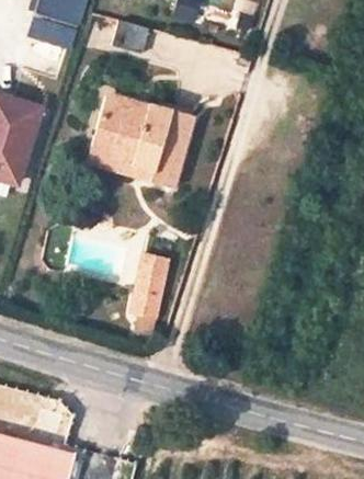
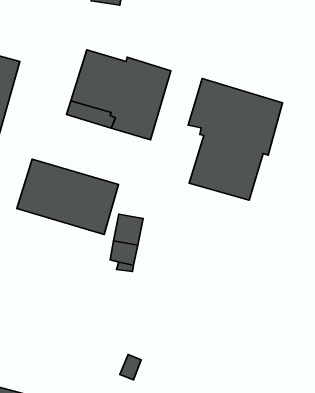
building: none -> [188,78,283,200]
building: none -> [17,159,118,235]

